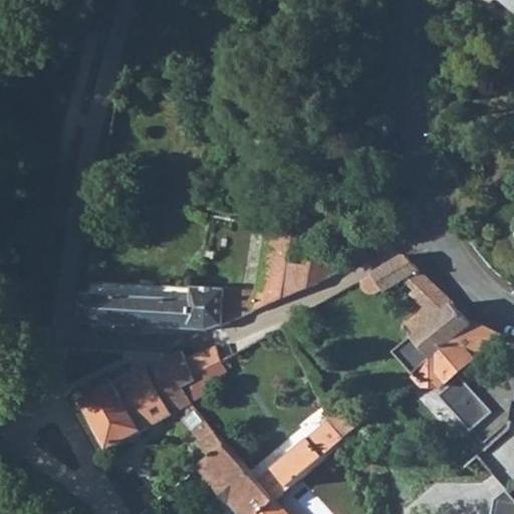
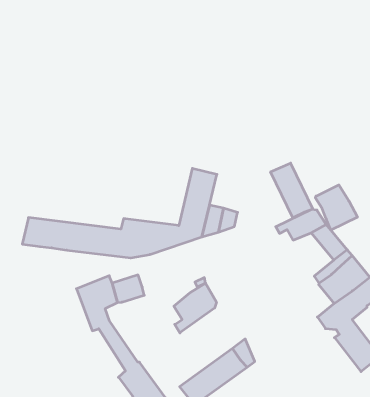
building: none -> [271,163,313,218]
building: none -> [315,185,357,230]
building: none -> [174,283,216,333]
building: [76,368,166,448] -> none

